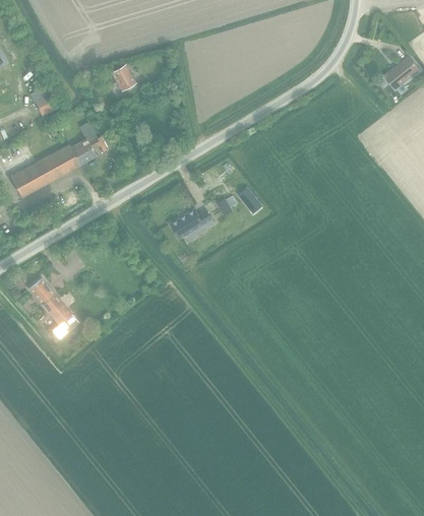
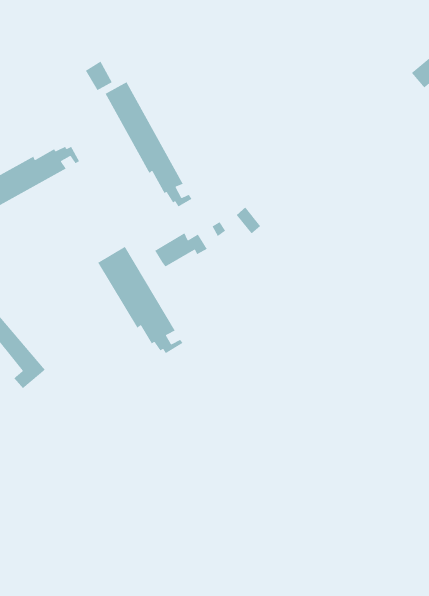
building: none -> [105,81,192,207]
building: none -> [97,246,183,354]

